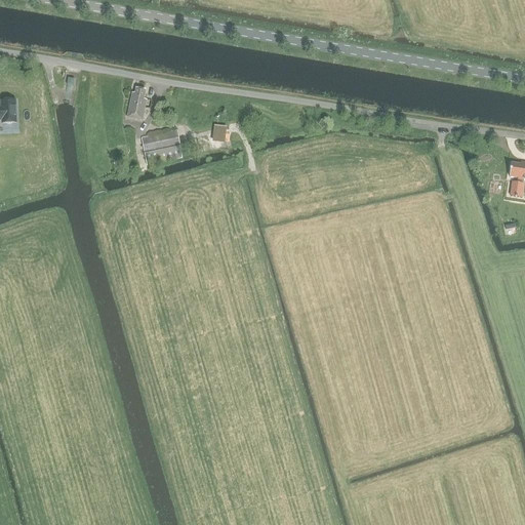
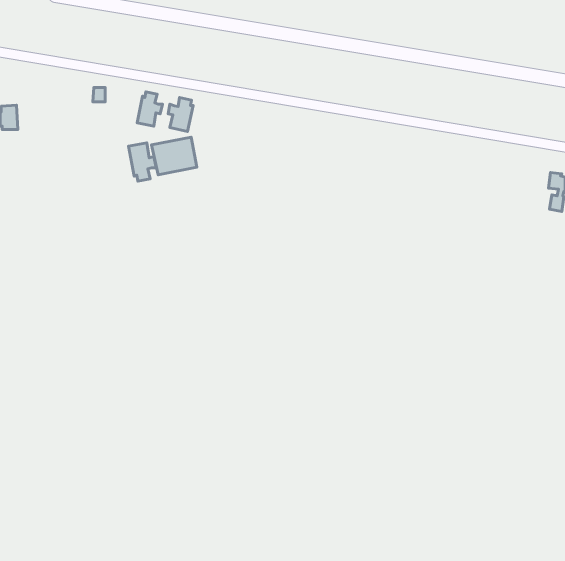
building: none -> [168,98,193,131]
building: none -> [128,143,156,181]

